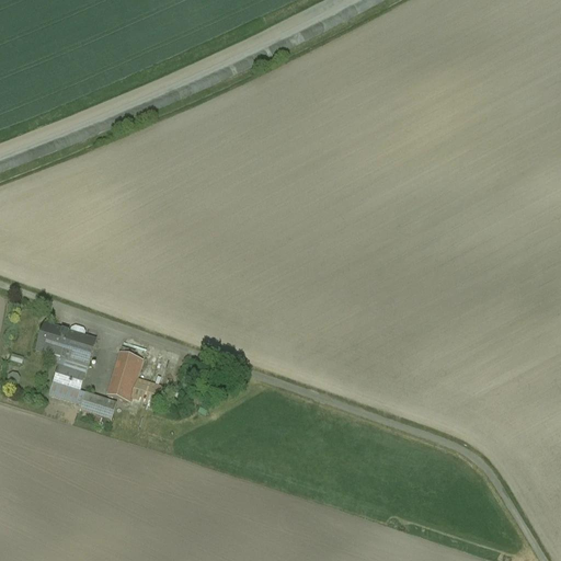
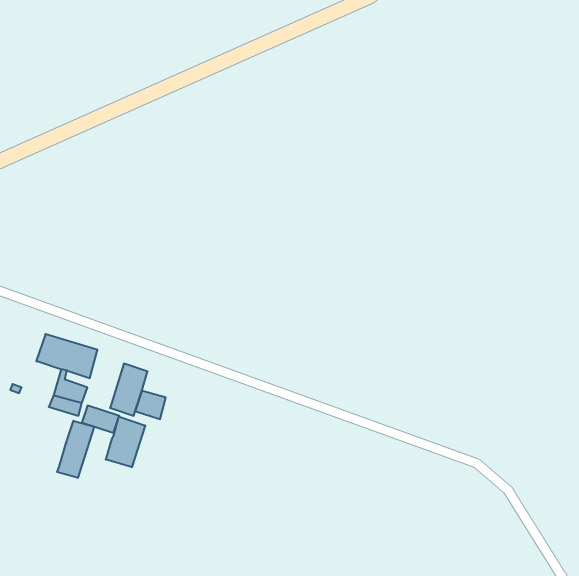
building: none -> [106,416,145,467]
building: none -> [57,421,94,478]

